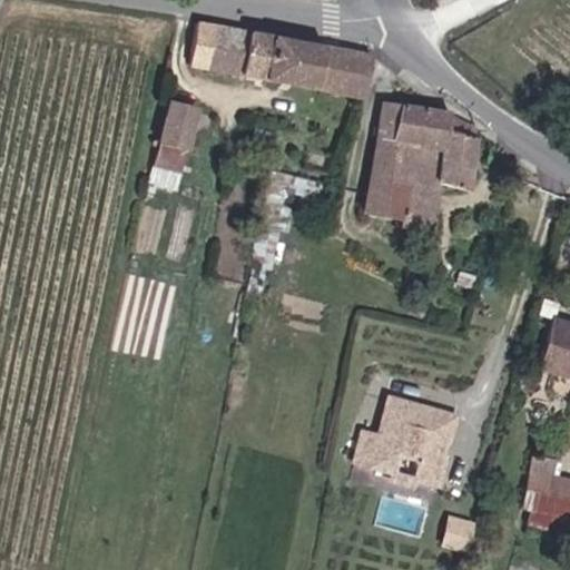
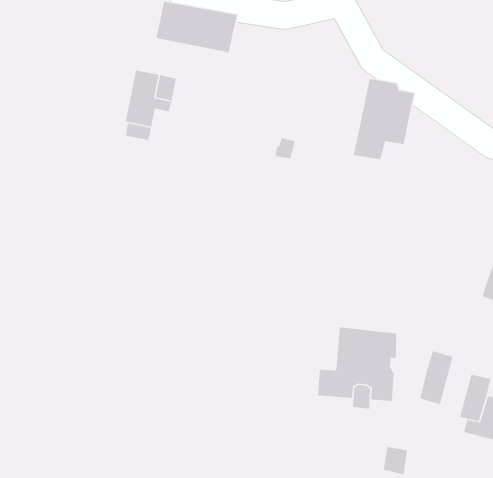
building: [265,35,373,98] -> none
building: [361,100,440,233] -> none
building: none -> [419,350,453,405]

